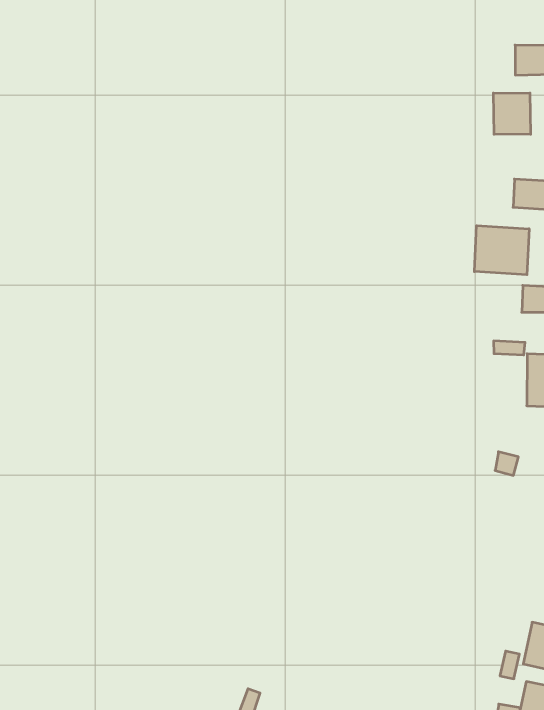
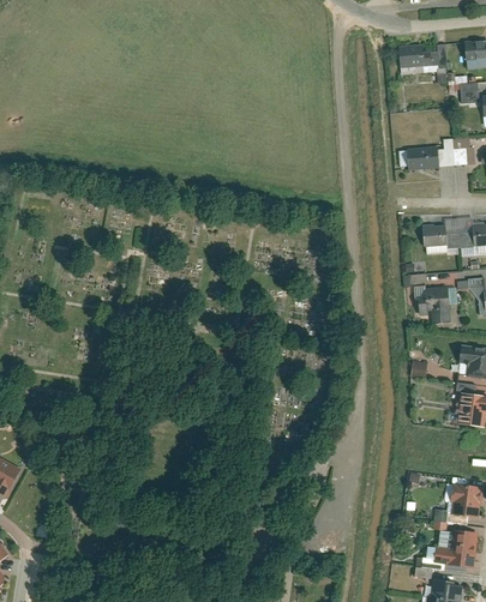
building: [493,93,531,134] -> none
building: [474,226,529,275] -> none

